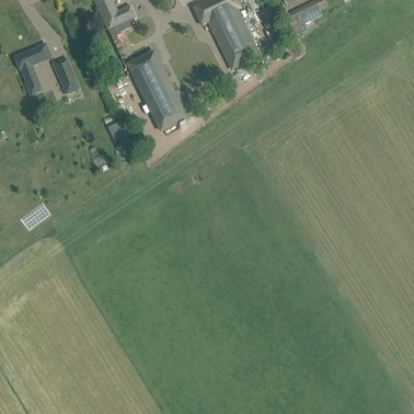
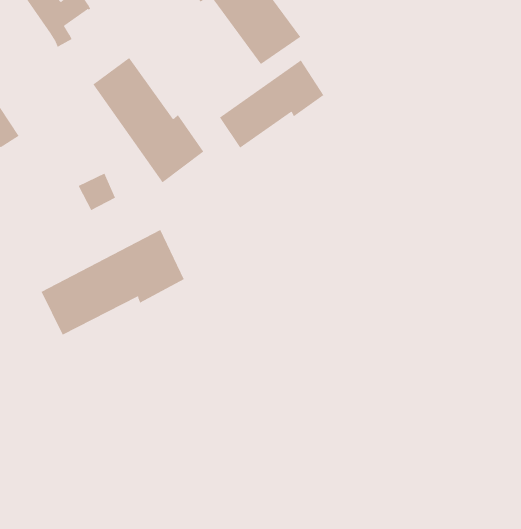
building: none -> [219,59,324,148]
building: none -> [41,229,185,336]

